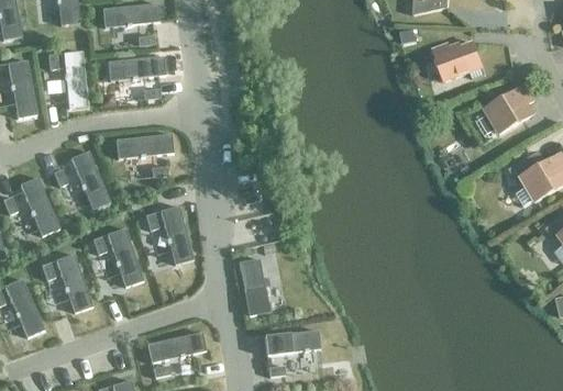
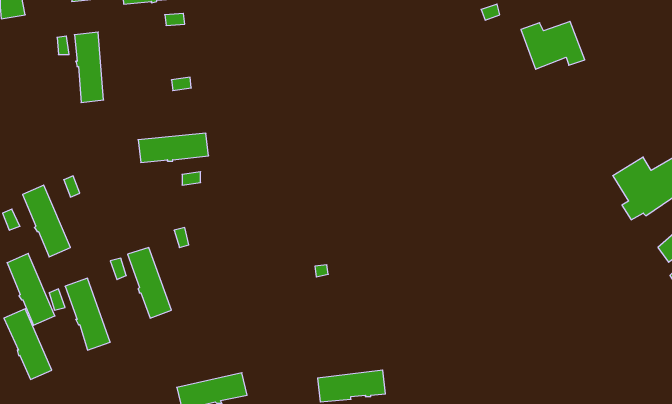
building: [108,56,165,81] -> none
building: [8,60,36,119] -> none
building: [476,85,534,137] -> none
building: [70,150,110,210] -> [7,253,55,325]
building: [159,205,194,265] -> none
building: [239,258,269,317] -> none

